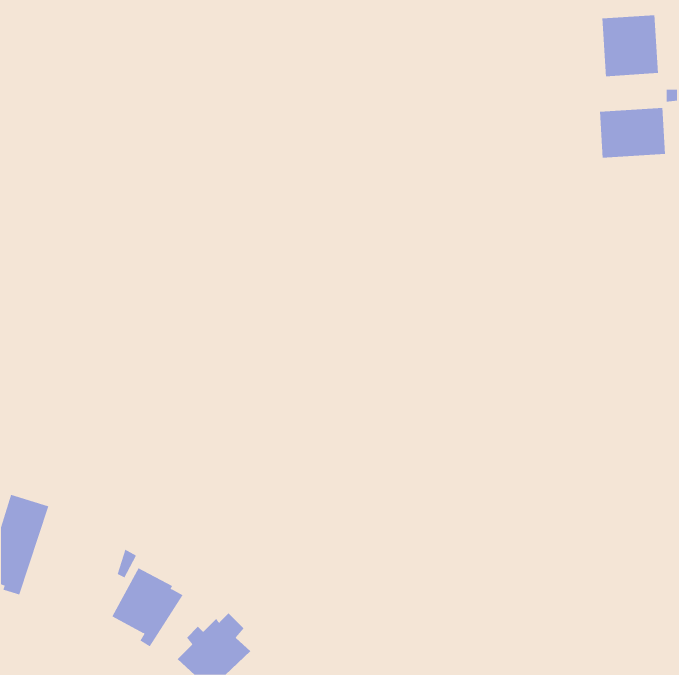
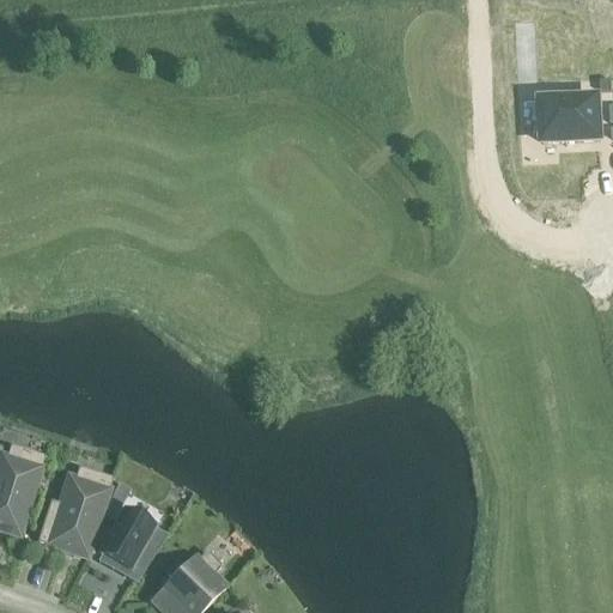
building: [602,14,658,77] -> none
building: none -> [37,467,113,558]

